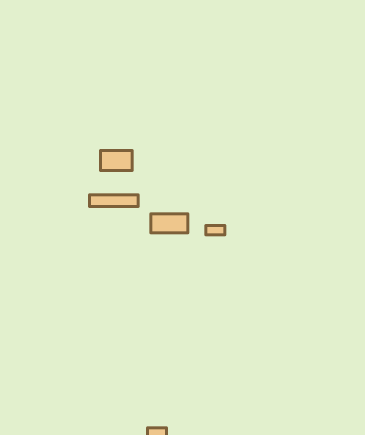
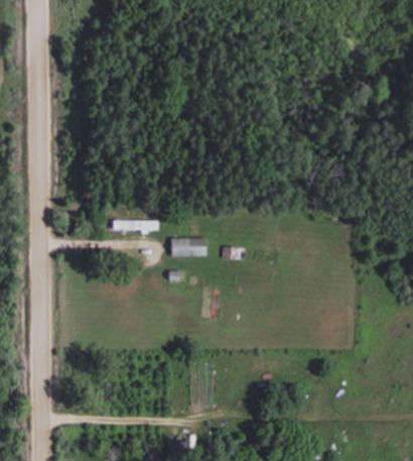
building: [100,150,132,170] -> none

